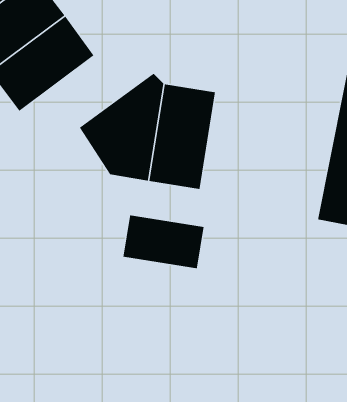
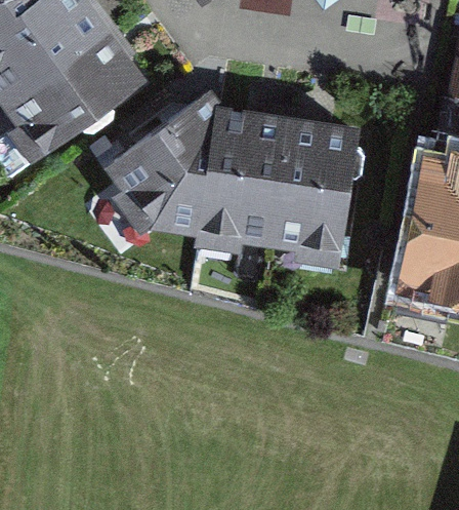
building: none -> [266,125,349,257]
building: [123,214,204,269] -> none

